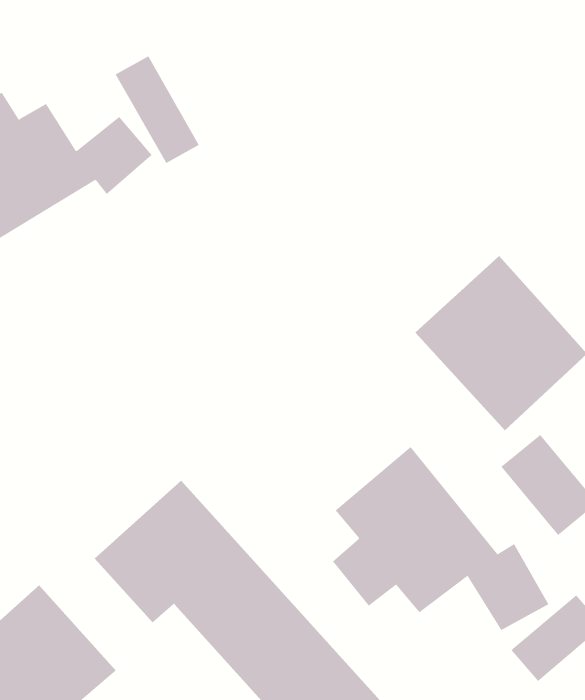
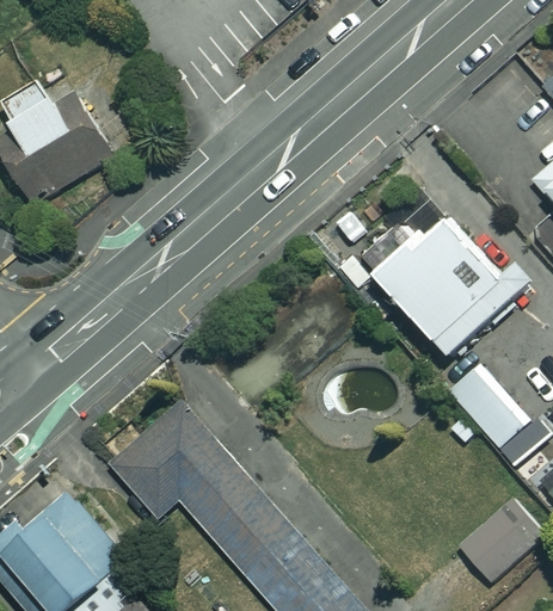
building: [115,56,200,164] -> none
building: [332,446,549,631] -> none

